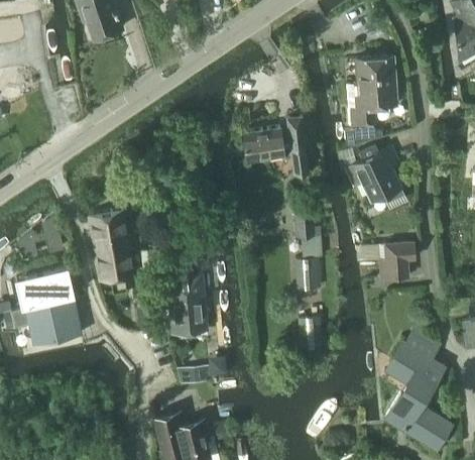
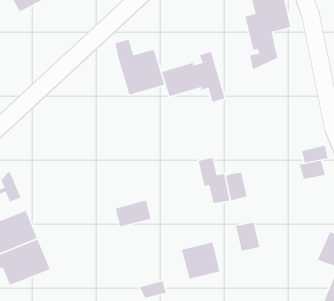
building: none -> [114,39,165,95]
building: [346,148,402,203] -> none
building: [294,207,324,259] -> [198,157,230,204]
building: [89,208,137,283] -> none
building: [168,297,209,335] -> [181,242,220,279]

